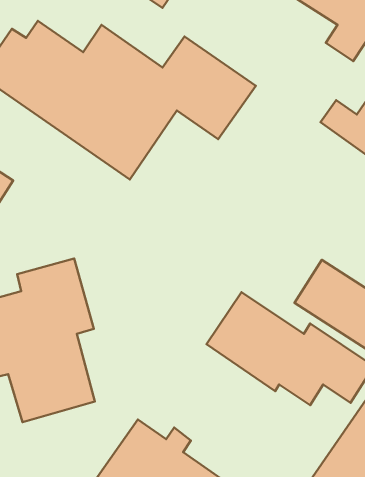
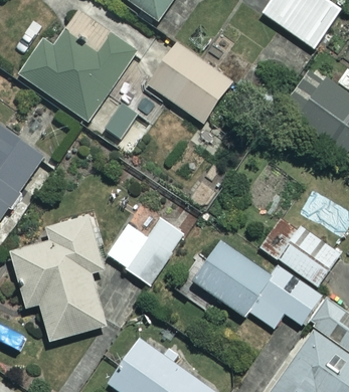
building: none -> [107,216,185,284]

